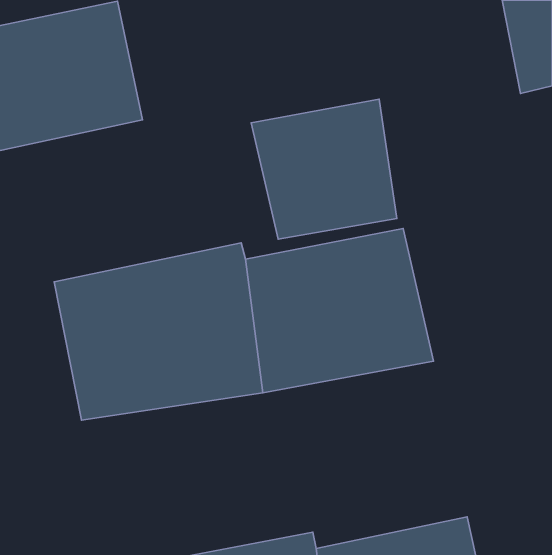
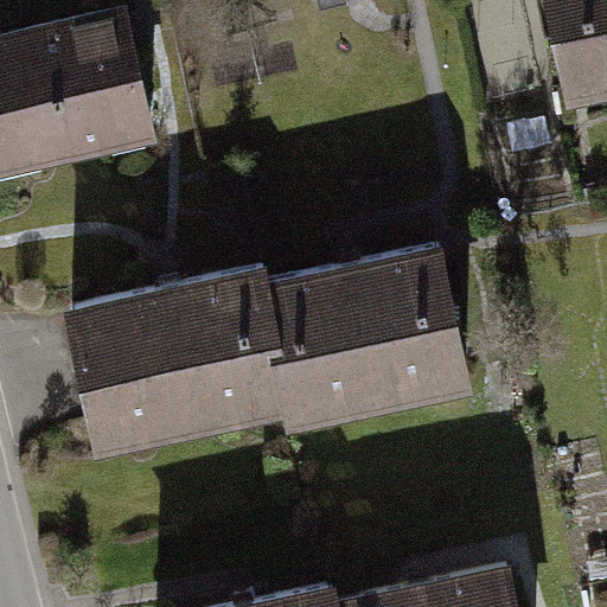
building: [251,99,397,239] -> none

